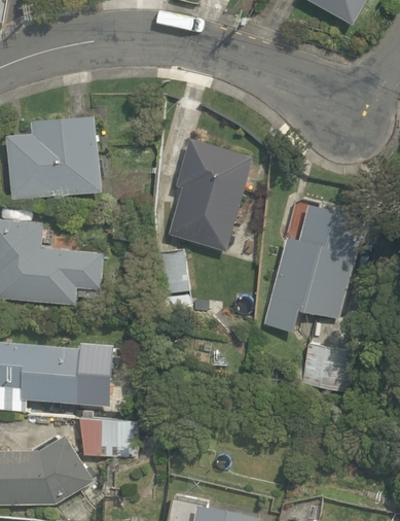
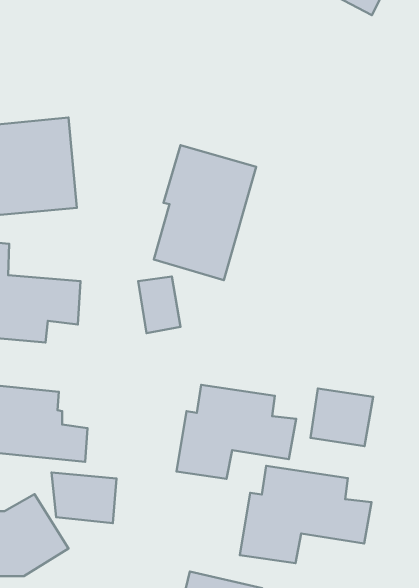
building: [263,204,364,333] -> none
building: none -> [176,385,296,479]
building: none -> [240,466,372,563]

